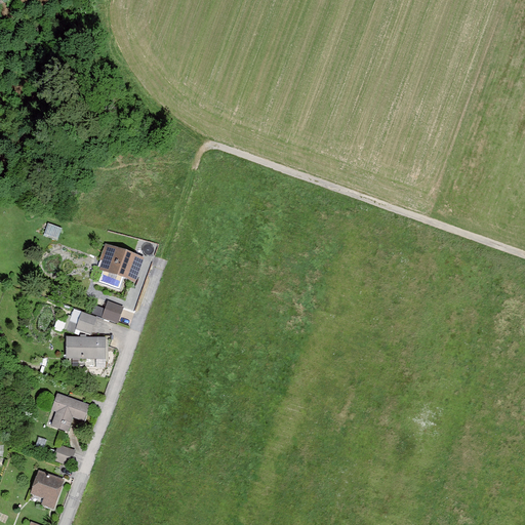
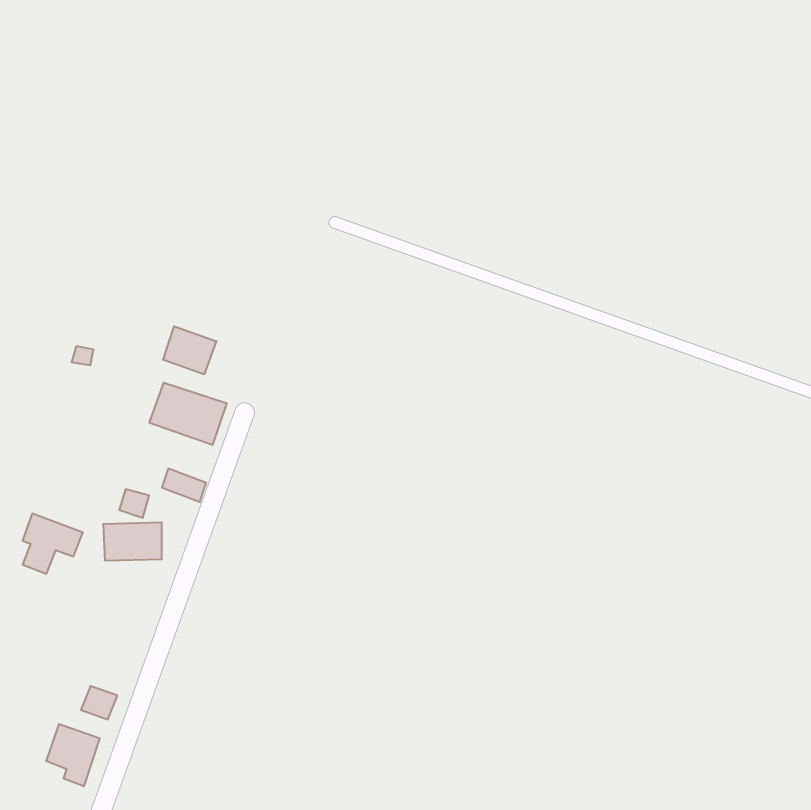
building: none -> [163,326,216,374]
building: [51,391,90,430] -> [23,514,83,574]

